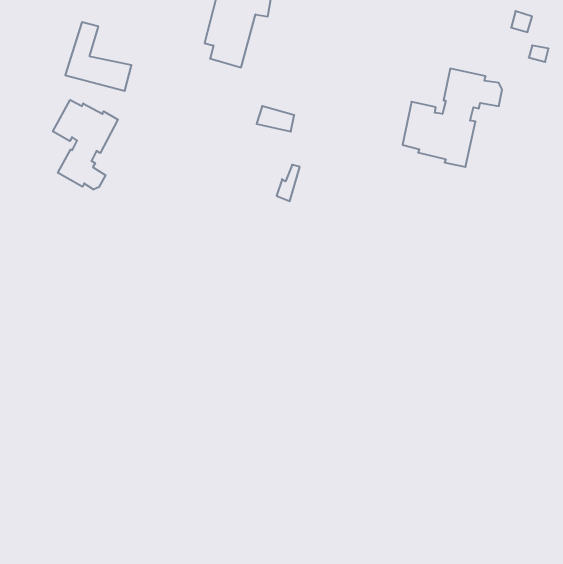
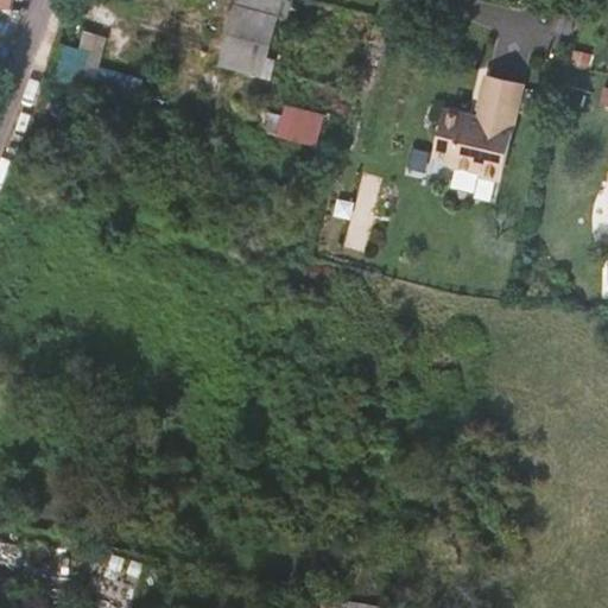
building: [53,100,118,190] -> none

